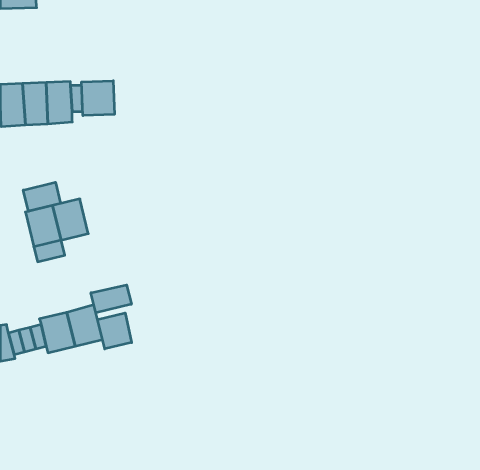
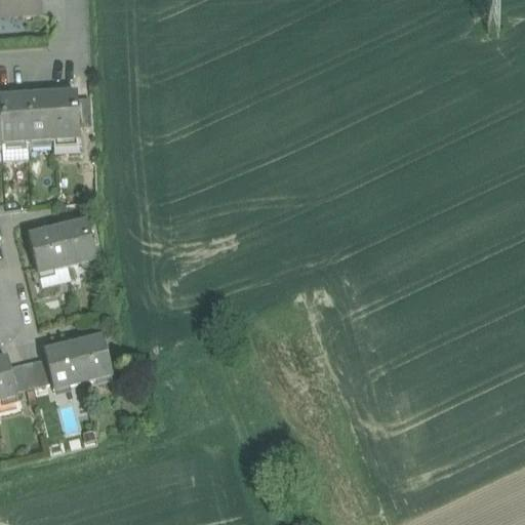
building: [82,81,114,116] -> none
building: [23,182,61,211] -> none
building: [91,285,131,313] -> none
building: [97,313,132,349] -> none

